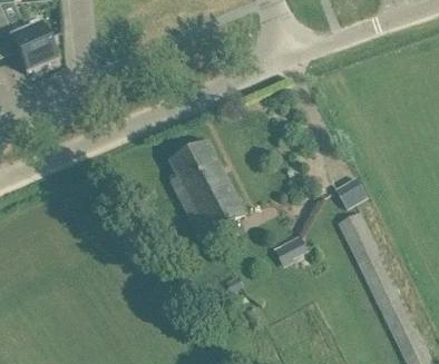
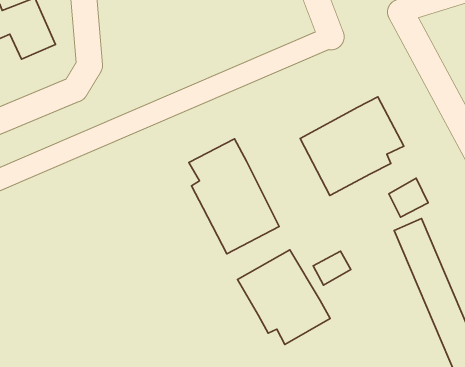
building: none -> [300,97,404,195]
building: none -> [238,250,330,345]

